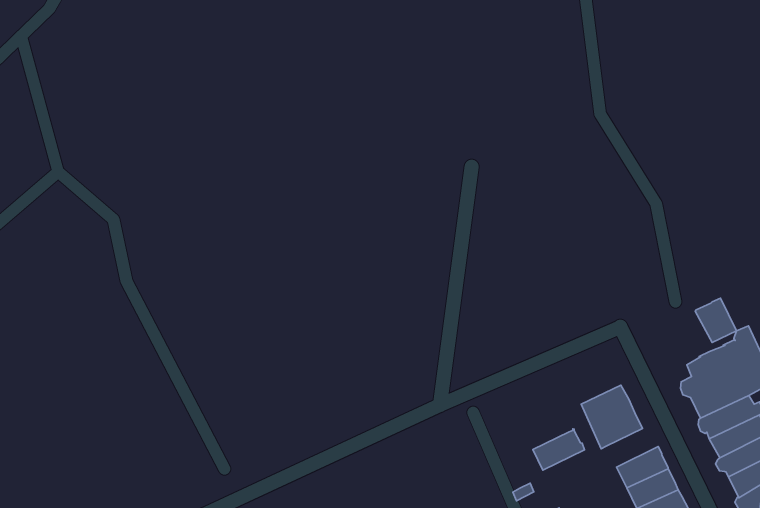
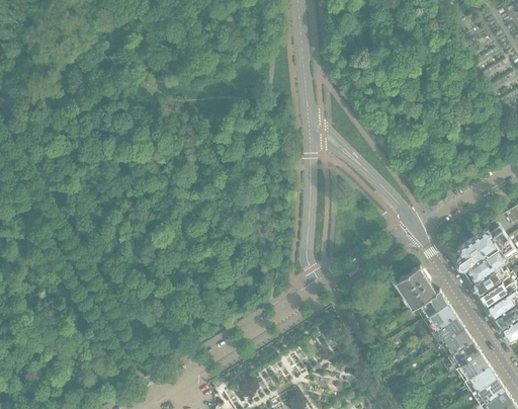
building: [695,298,736,343] -> none
building: [533,429,584,470] -> [416,291,448,319]

